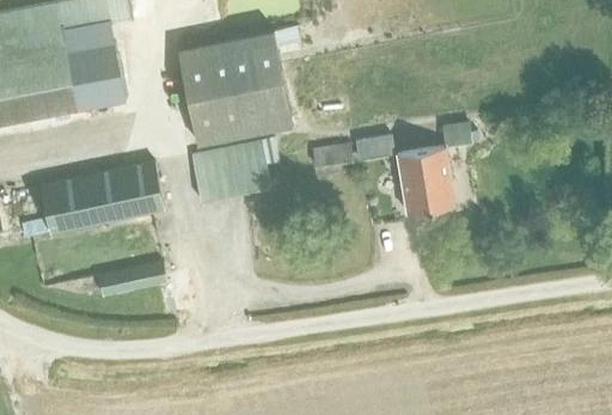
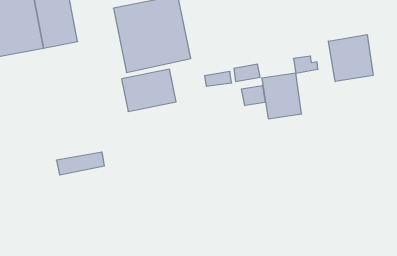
building: none -> [328,35,373,82]
building: [37,160,161,232] -> none
building: none -> [241,85,265,106]

